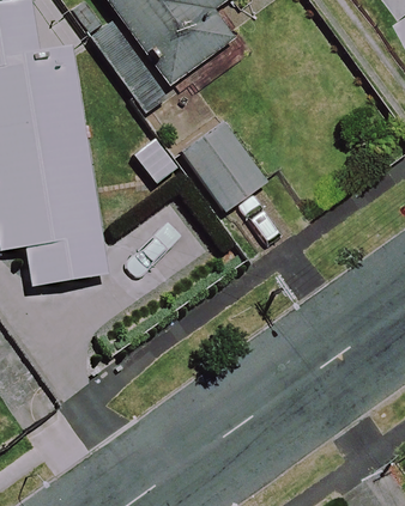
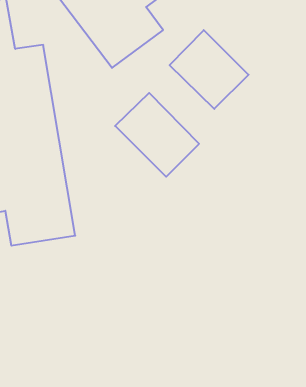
building: none -> [170,30,249,109]

